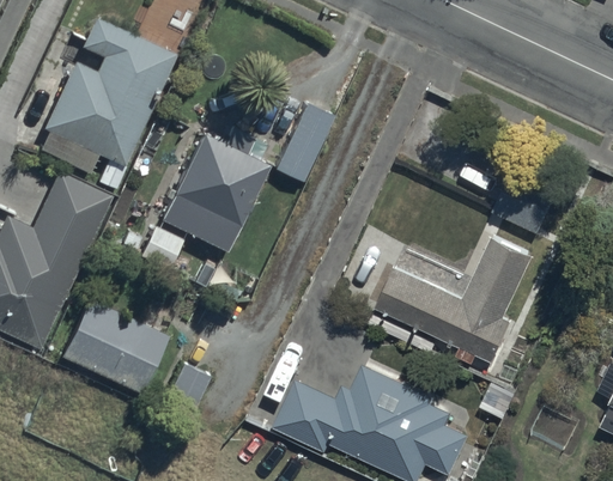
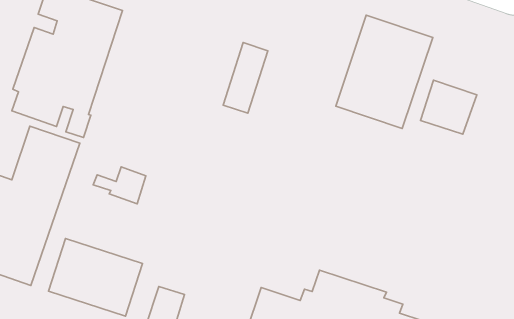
building: none -> [336,15,433,129]
building: [160,130,269,251] -> none
building: [377,237,533,363] -> none

